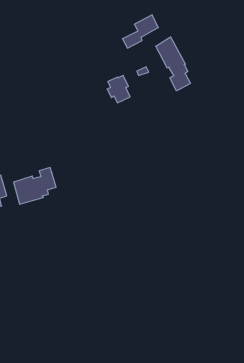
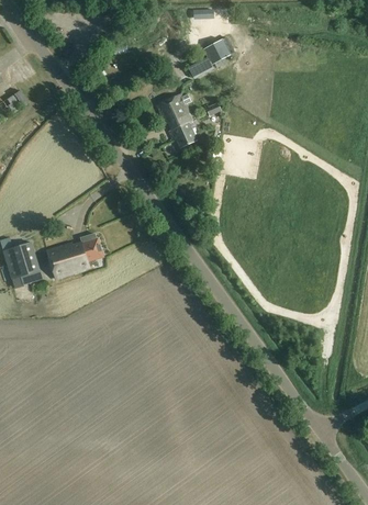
building: [156,37,190,91] -> none
building: none -> [157,93,191,123]

